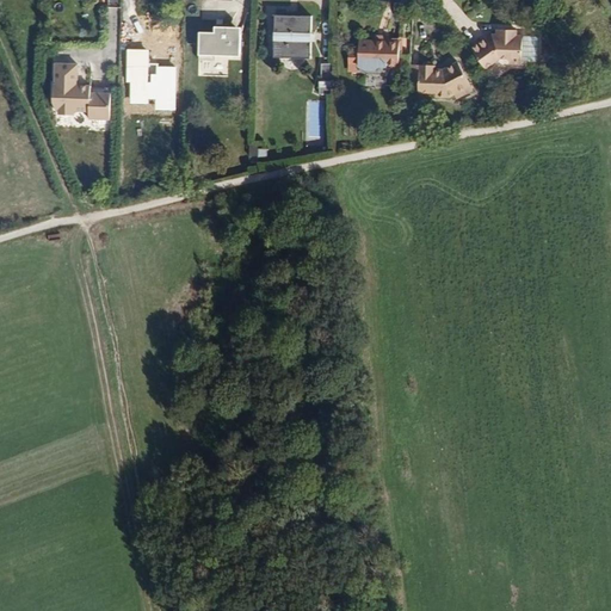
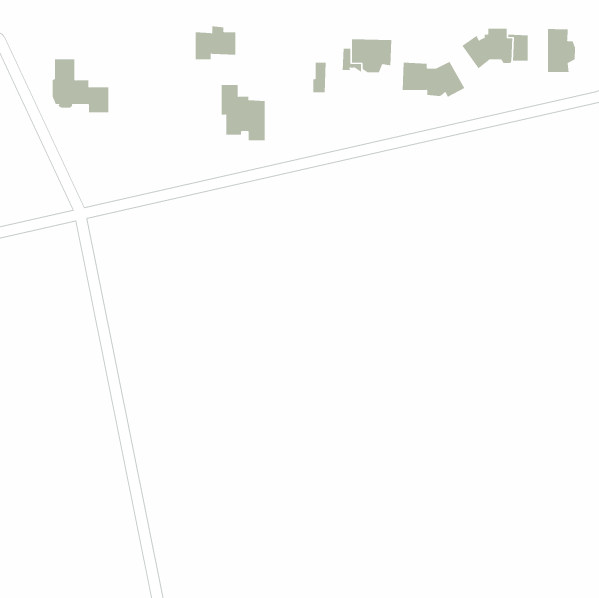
building: [272,13,310,58] -> none
building: none -> [547,28,576,73]
building: [126,49,172,106] -> [221,85,265,141]

